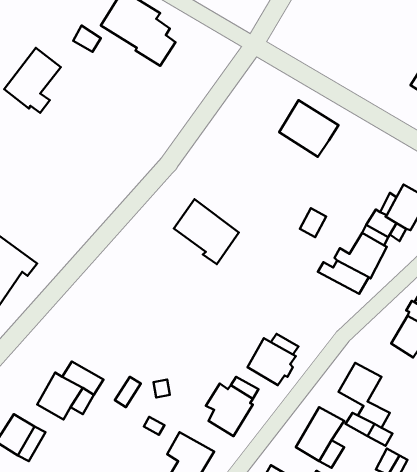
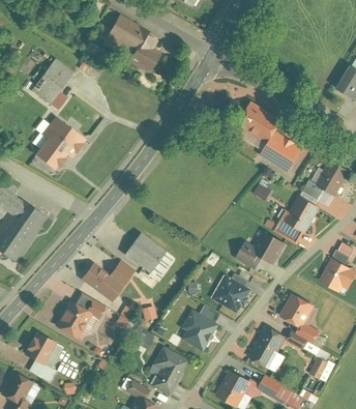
building: none -> [35,117,85,169]
building: none -> [260,128,301,168]
building: [174,199,239,264] -> [124,232,173,281]
building: none -> [237,232,285,269]
building: none -> [82,261,135,301]

